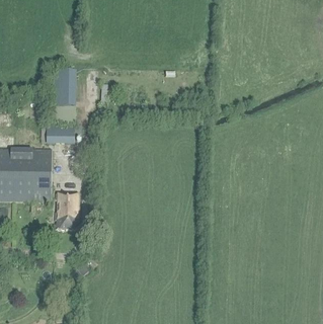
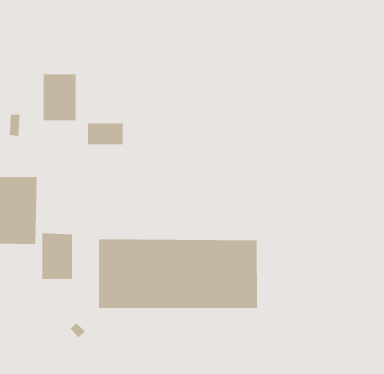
building: [46,126,74,143] -> [87,123,124,145]
building: none -> [98,239,257,309]

